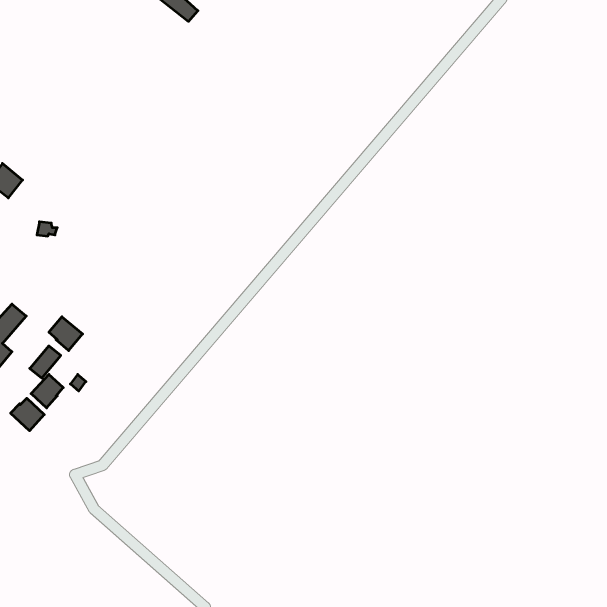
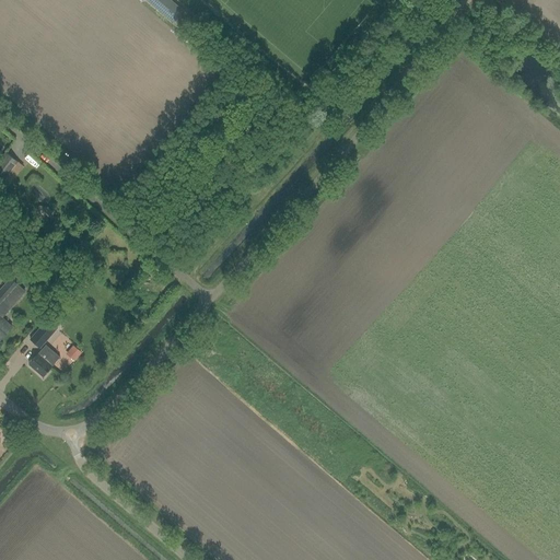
building: [49,317,83,351] -> none
building: [11,398,44,431] -> none

